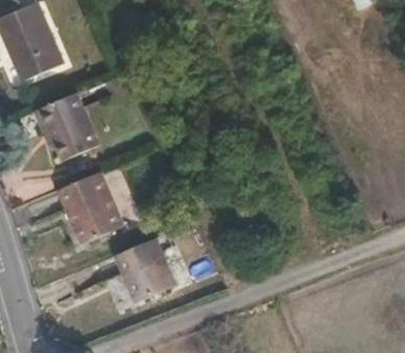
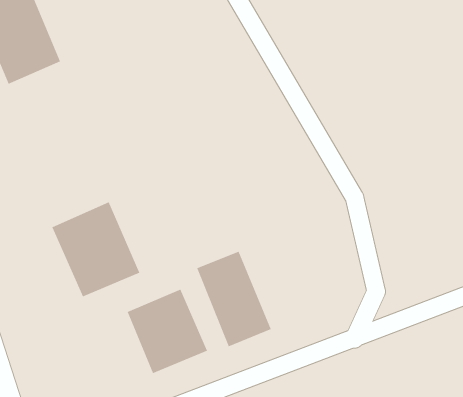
building: [33,92,98,160] -> none
building: none -> [196,251,272,347]

